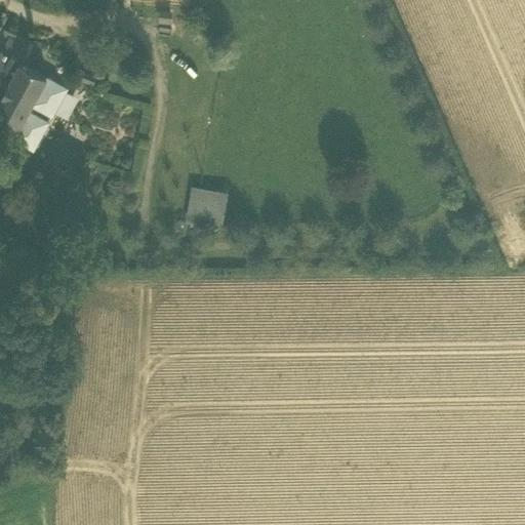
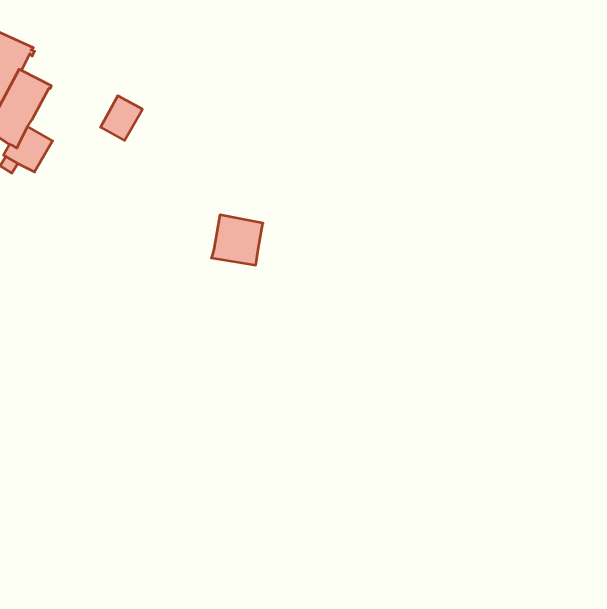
building: [28,77,64,115] -> [101,96,142,140]

